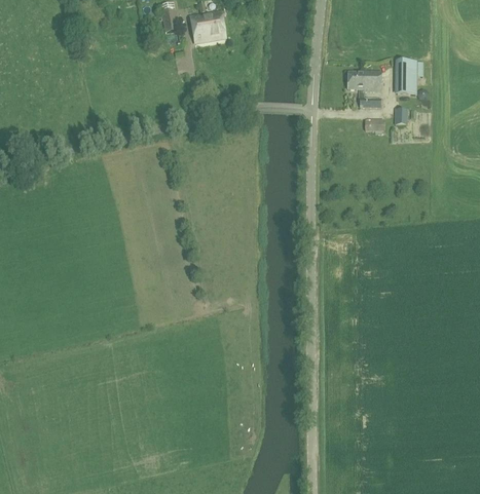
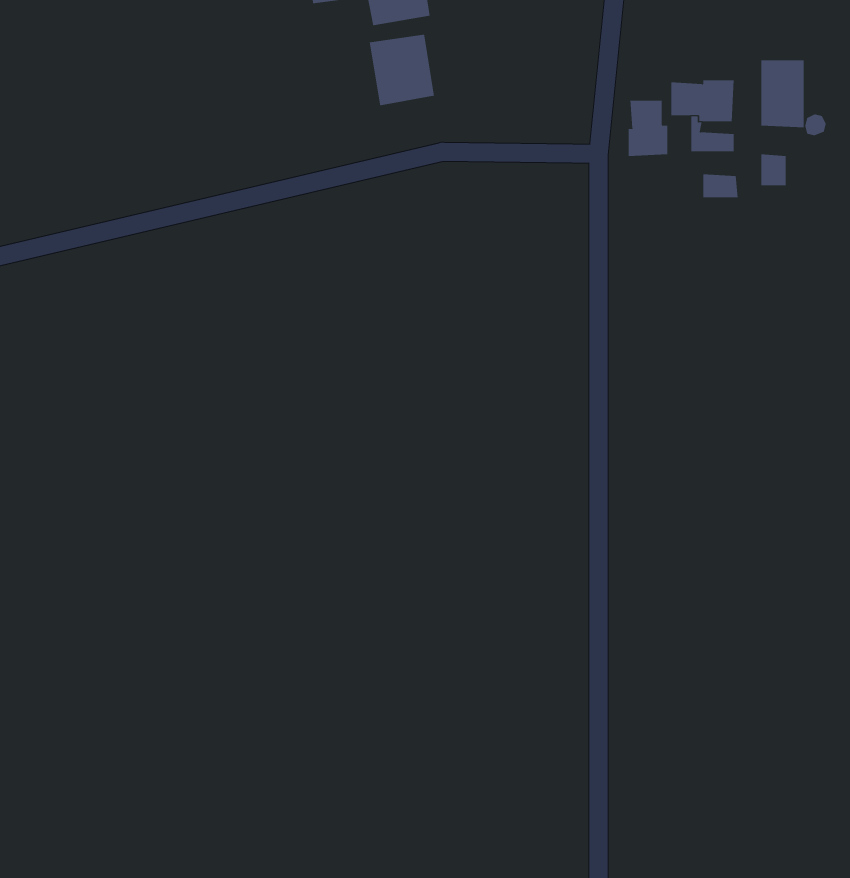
building: none -> [369,34,435,106]
building: none -> [628,100,668,157]

